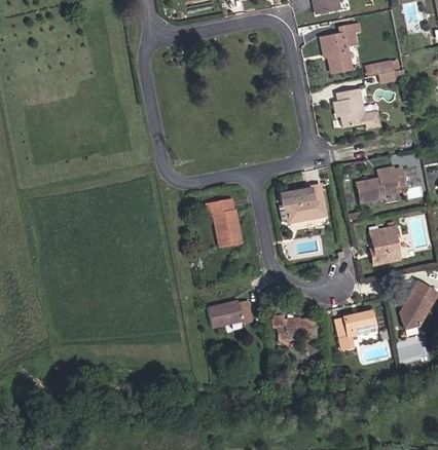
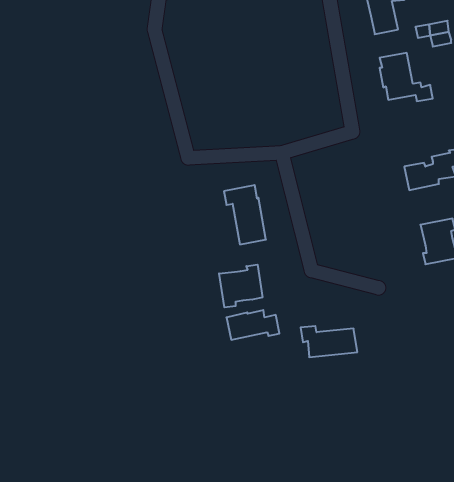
building: [280,184,326,222] -> none
building: none -> [219,265,262,307]
building: [334,311,375,348] -> none

